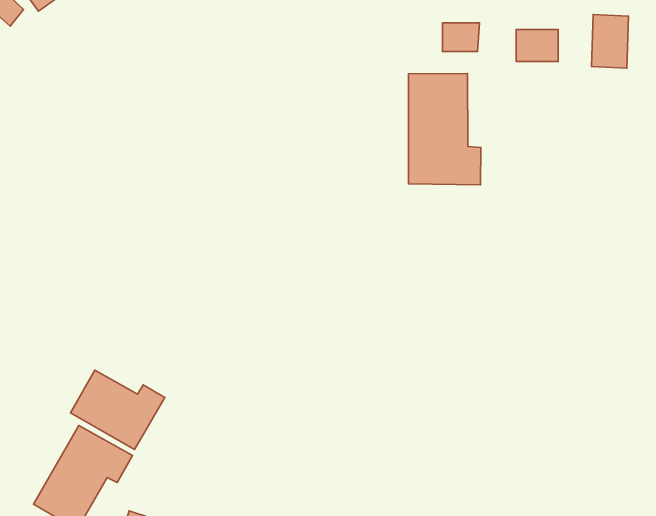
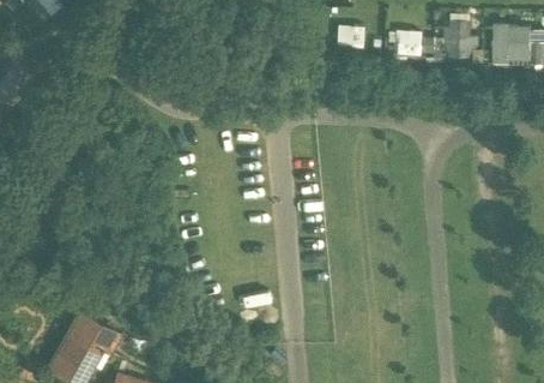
building: [409,74,481,185] -> none
building: [71,370,165,450] -> none

